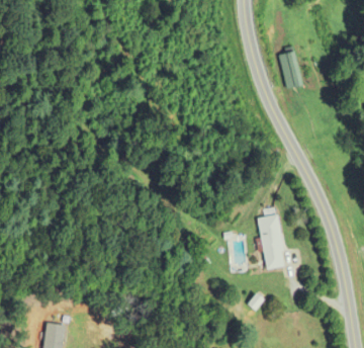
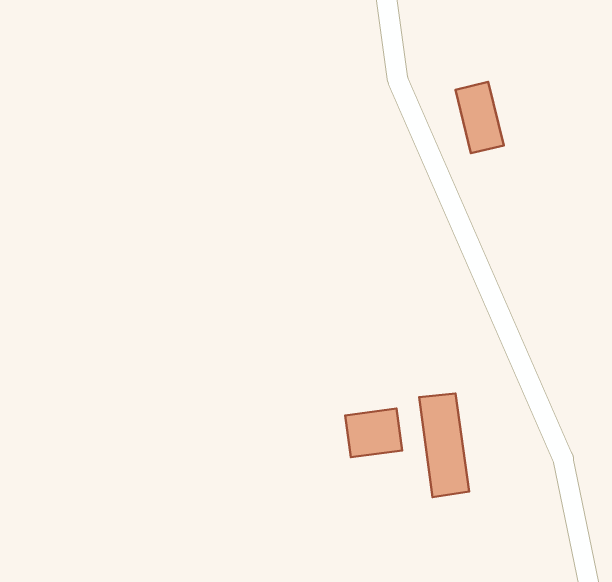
building: none -> [345,409,402,457]

